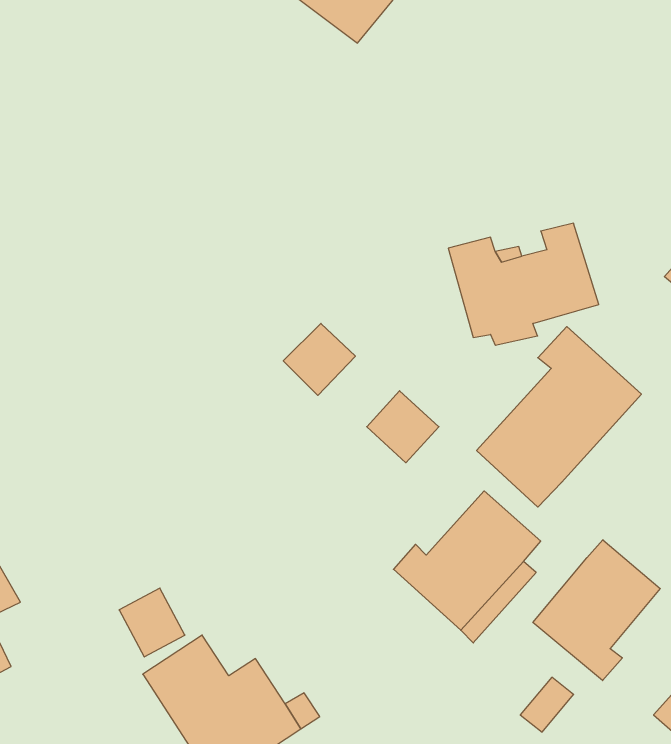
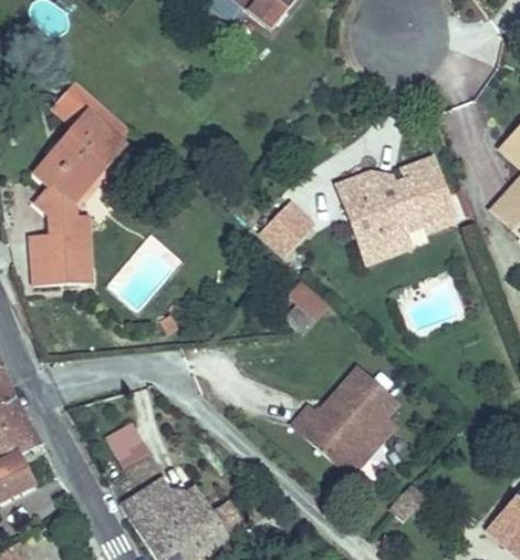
building: none -> [31,72,123,270]
building: [283,323,355,395] -> [257,207,308,258]
building: [477,327,641,507] -> none
building: [533,540,660,681] -> none

